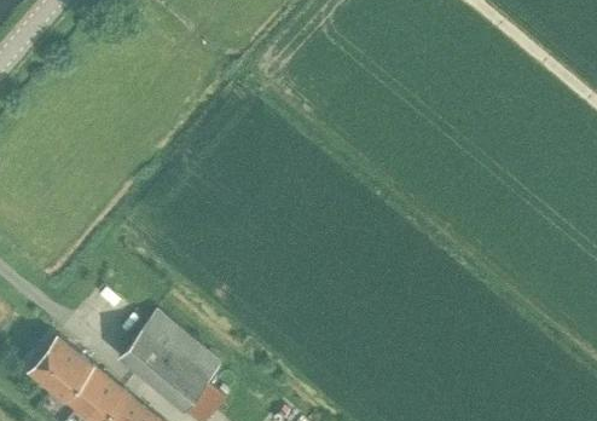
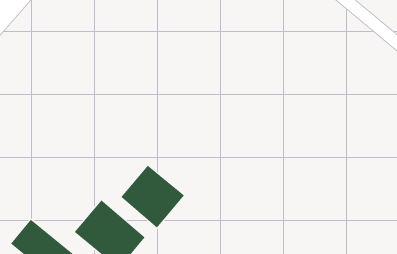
building: none -> [120,165,185,228]

